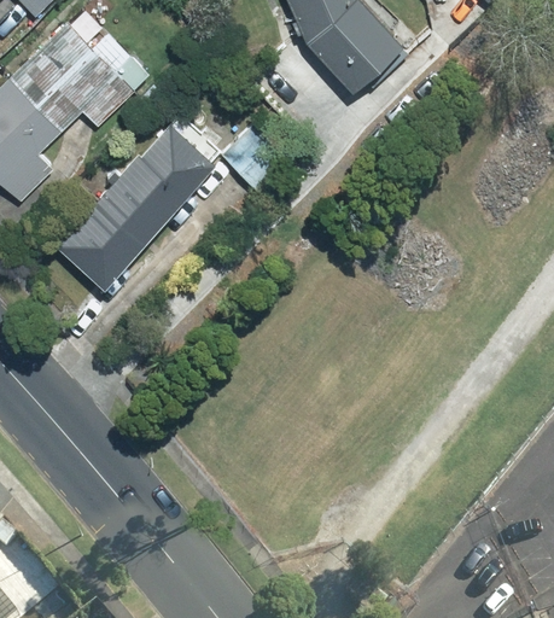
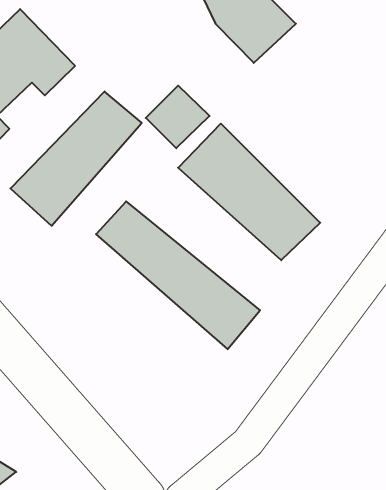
building: none -> [178,124,320,260]
building: none -> [96,201,260,349]

